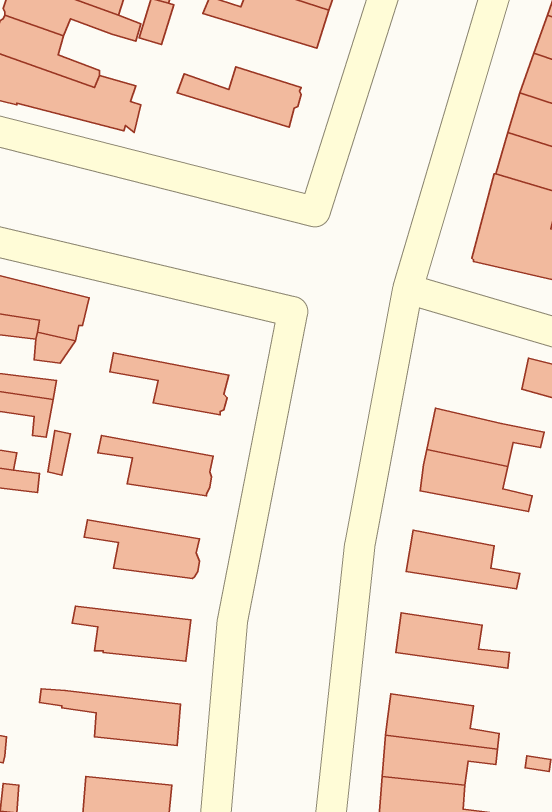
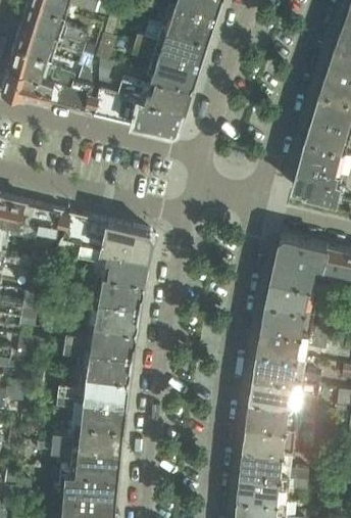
building: none -> [130,43,200,87]
building: none -> [92,87,184,133]
building: none -> [61,211,153,257]
building: none -> [270,237,325,286]
building: none -> [72,272,144,305]
building: none -> [64,322,135,355]
building: none -> [257,326,325,359]
building: none -> [57,372,129,403]
building: none -> [250,374,318,406]
building: none -> [51,422,122,453]
building: none -> [244,422,313,454]
building: none -> [63,472,117,501]

